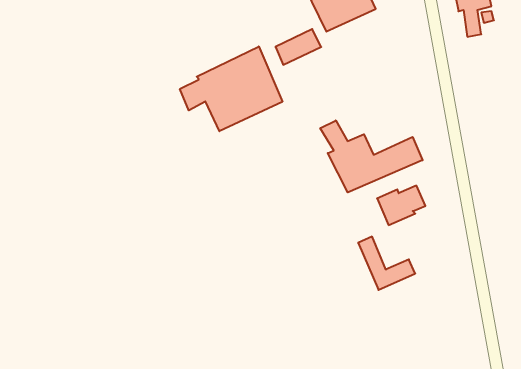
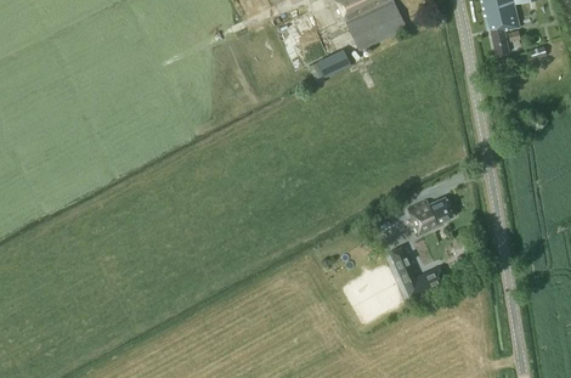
building: [180,46,282,131] -> none
building: [320,120,423,192] -> none

